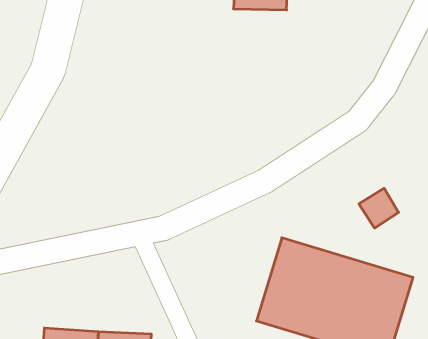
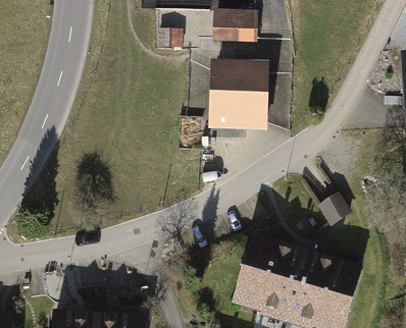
building: none -> [208,59,269,129]

